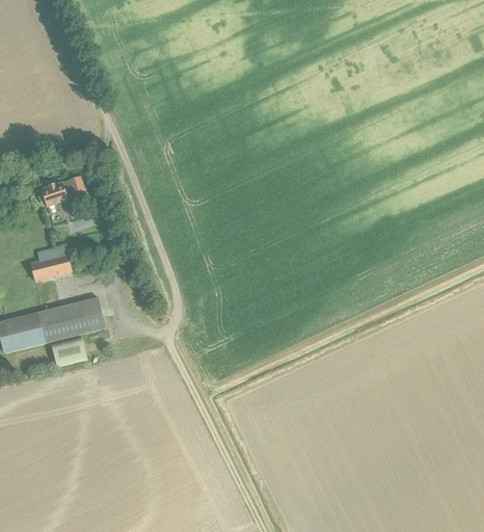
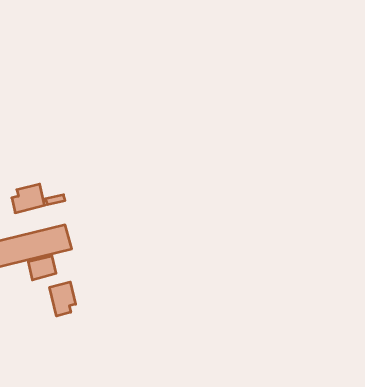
building: [38,176,84,206] -> none
building: none -> [50,282,76,316]

